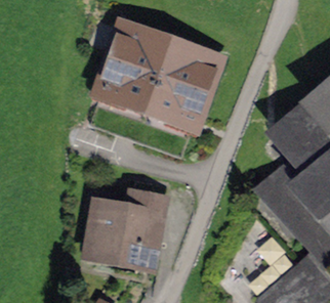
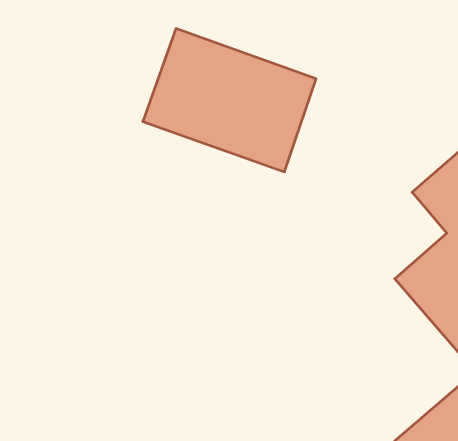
building: [89,188,158,259] -> none

